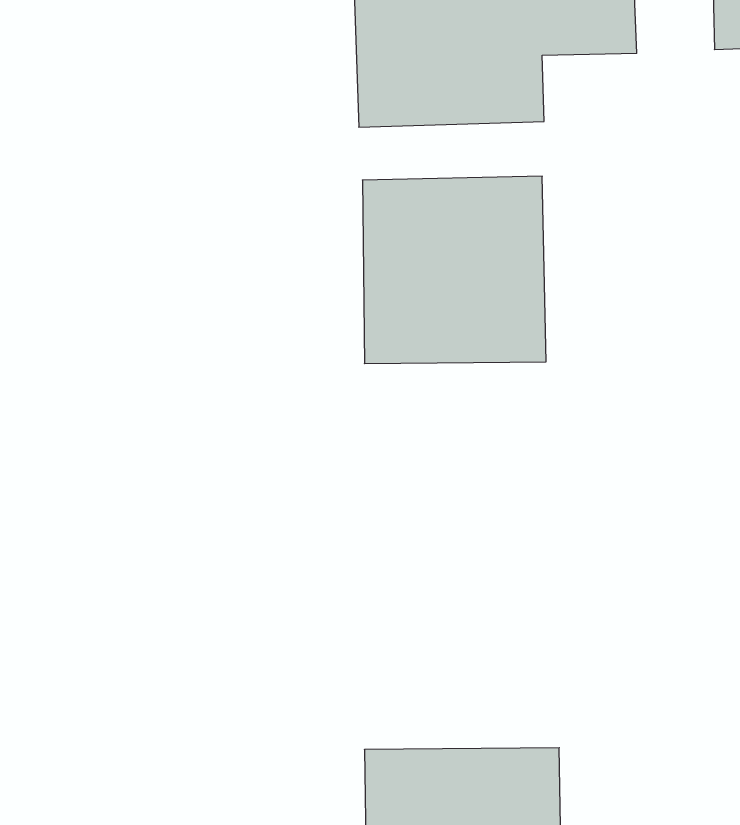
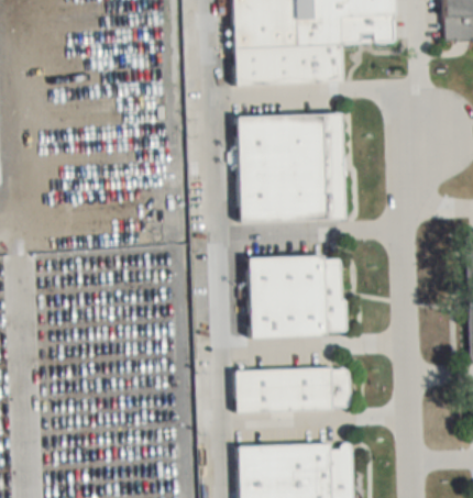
building: none -> [249,255,344,336]
building: none -> [234,368,351,411]

